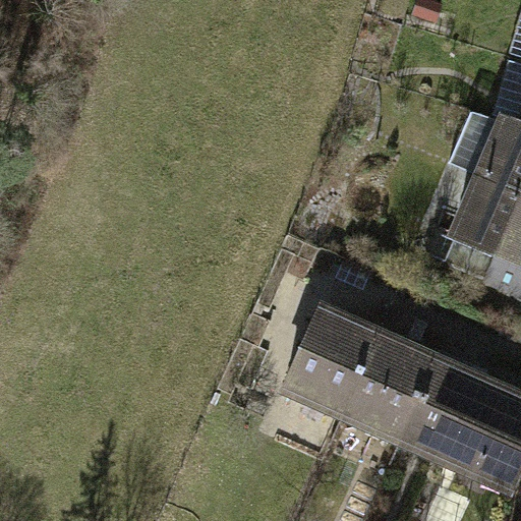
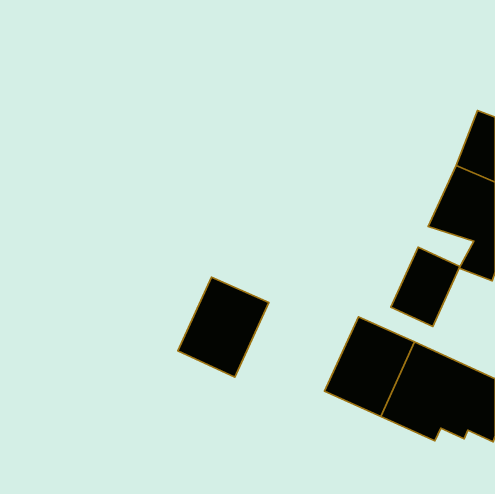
building: none -> [391,247,460,326]
building: [281,306,377,411] -> [178,277,269,377]

